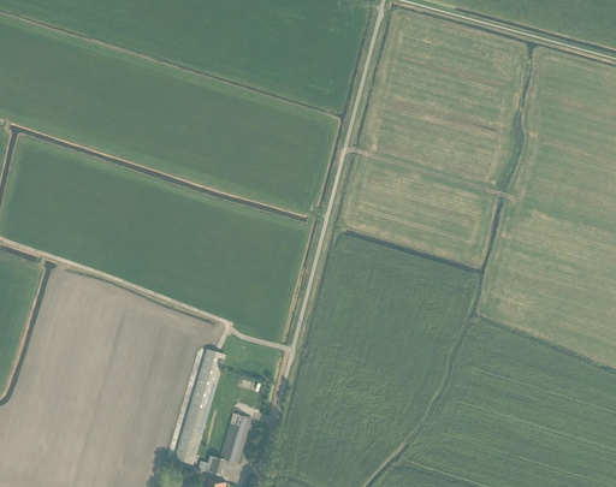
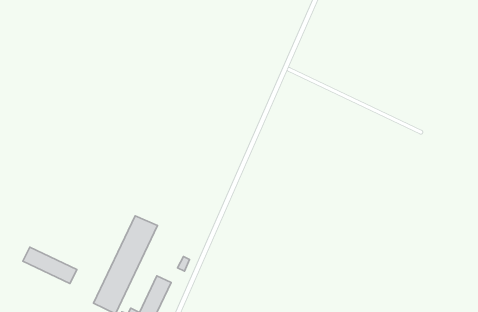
building: none -> [23,247,77,284]

